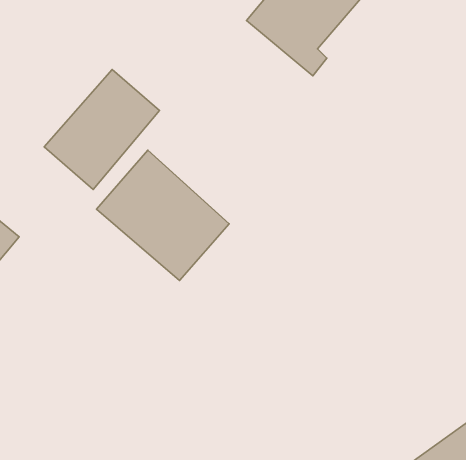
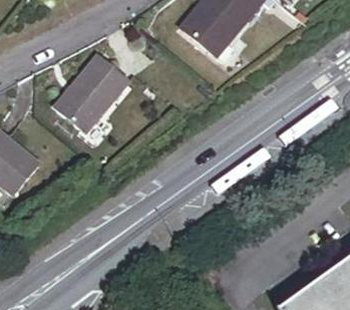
building: [97,150,229,281] -> none

